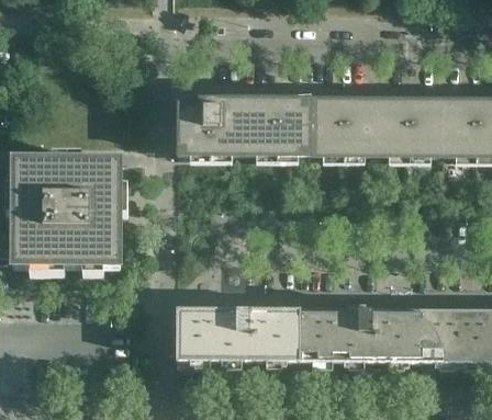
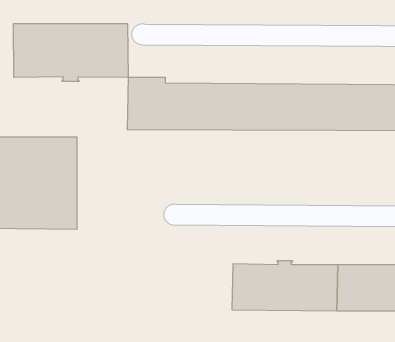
building: none -> [13,24,128,82]
building: [176,302,298,359] -> none

